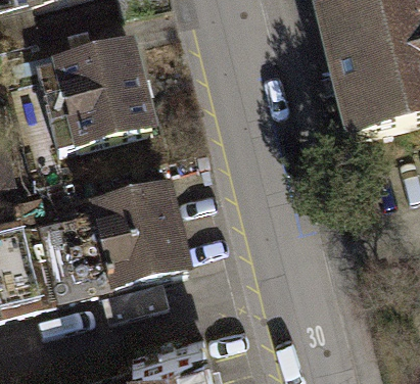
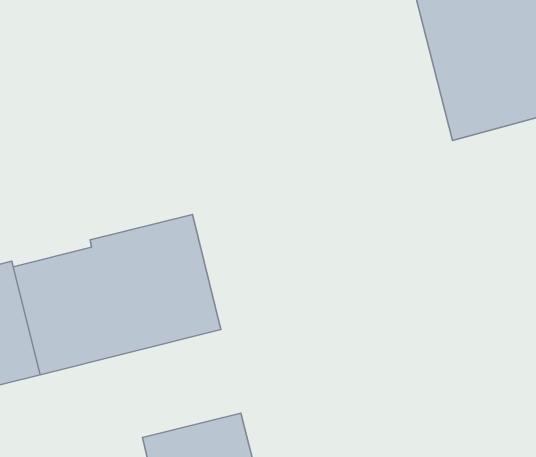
building: [37,48,151,151] -> none

